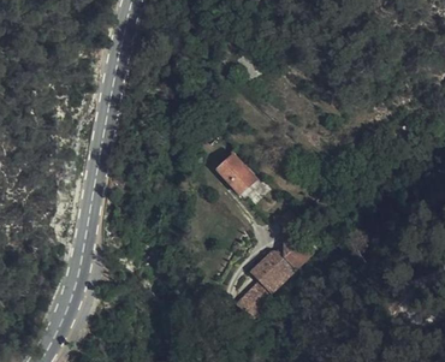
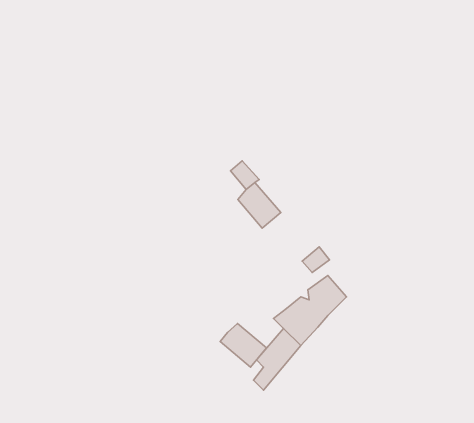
building: none -> [220,324,266,367]

